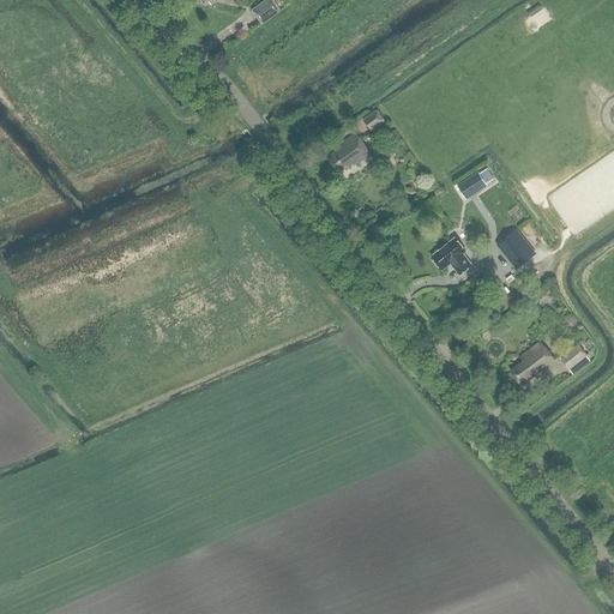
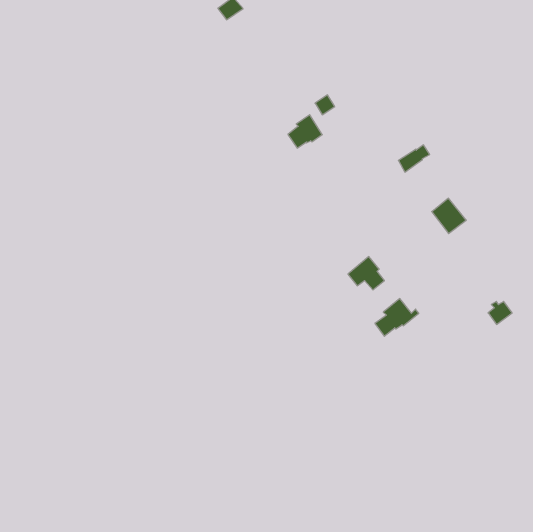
building: [431,236,472,275] -> [348,257,384,290]
building: [511,342,561,385] -> [375,299,419,336]

